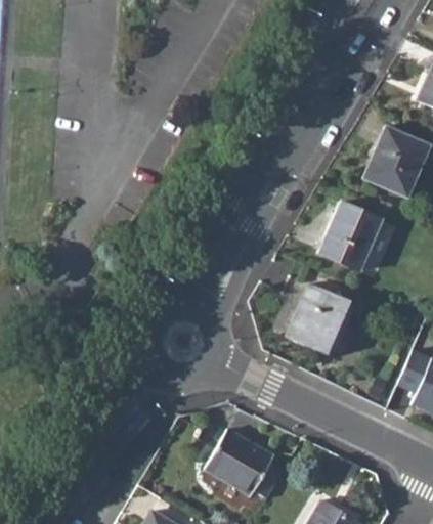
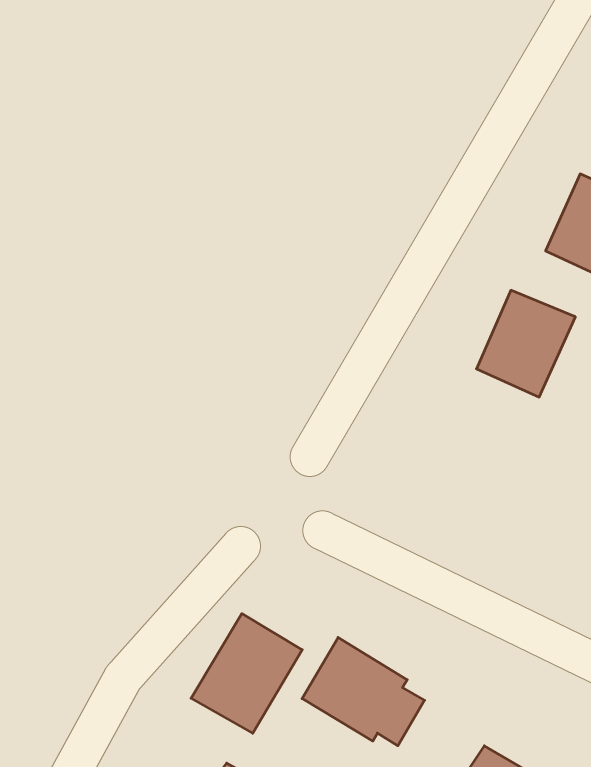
building: [289,283,359,357] -> none
building: none -> [191,614,302,733]

